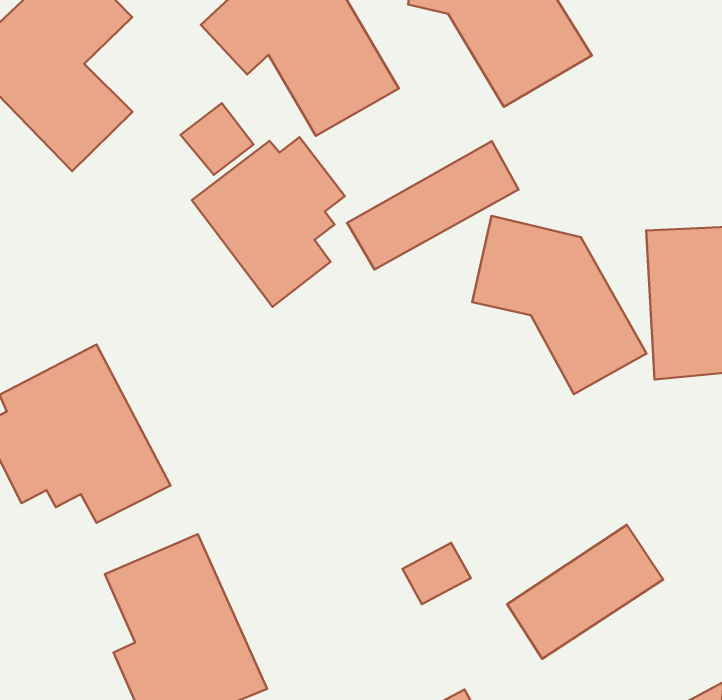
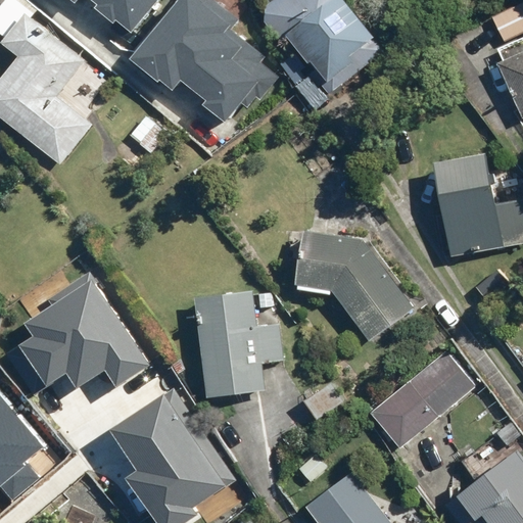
building: [192,137,345,307] -> none
building: [347,141,518,270] -> none
building: [472,216,646,394] -> [296,230,413,339]
building: none -> [194,289,283,399]

